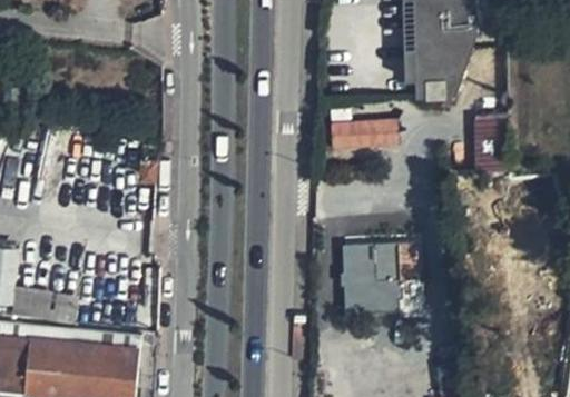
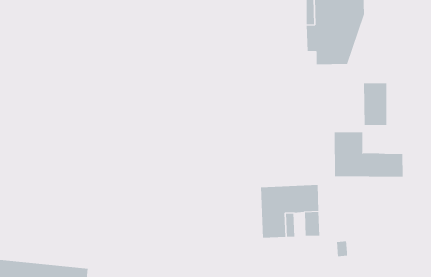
building: [328,118,399,153] -> none
building: none -> [334,131,403,177]

